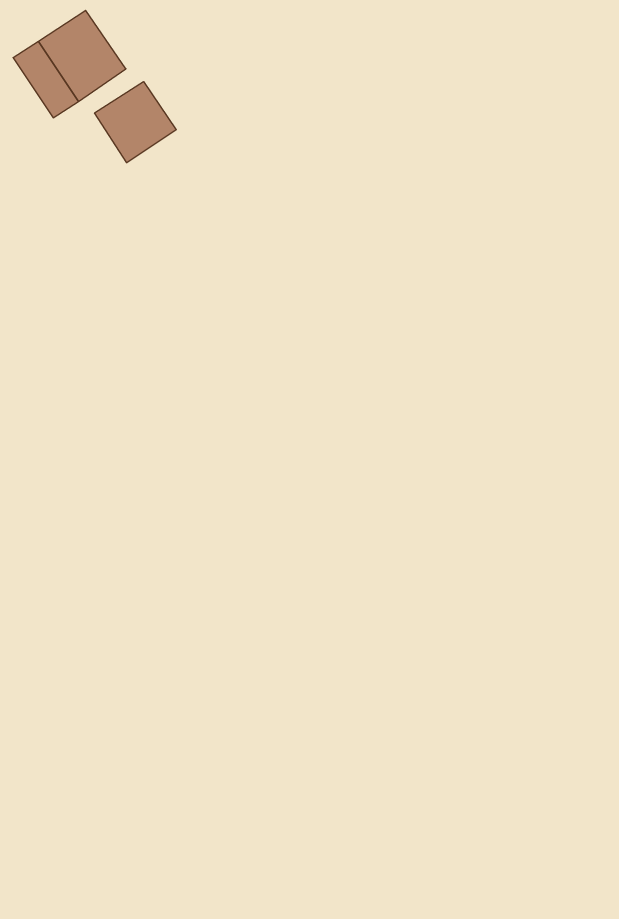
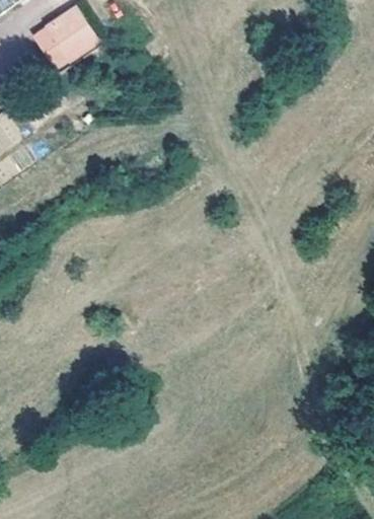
building: [95,82,176,163] -> none

